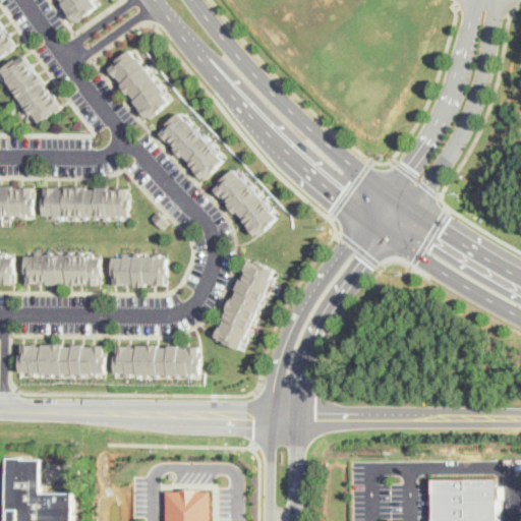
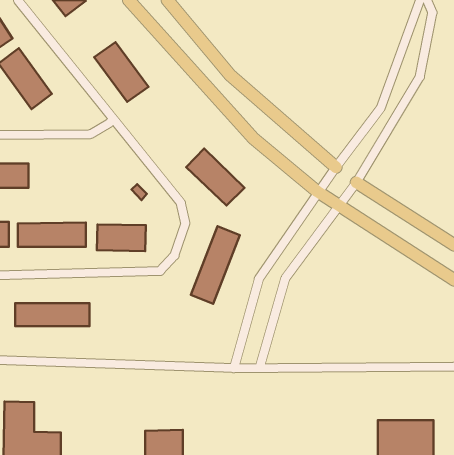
building: [157,113,223,180] -> none
building: [41,190,126,217] -> none
building: [115,349,200,375] -> none

